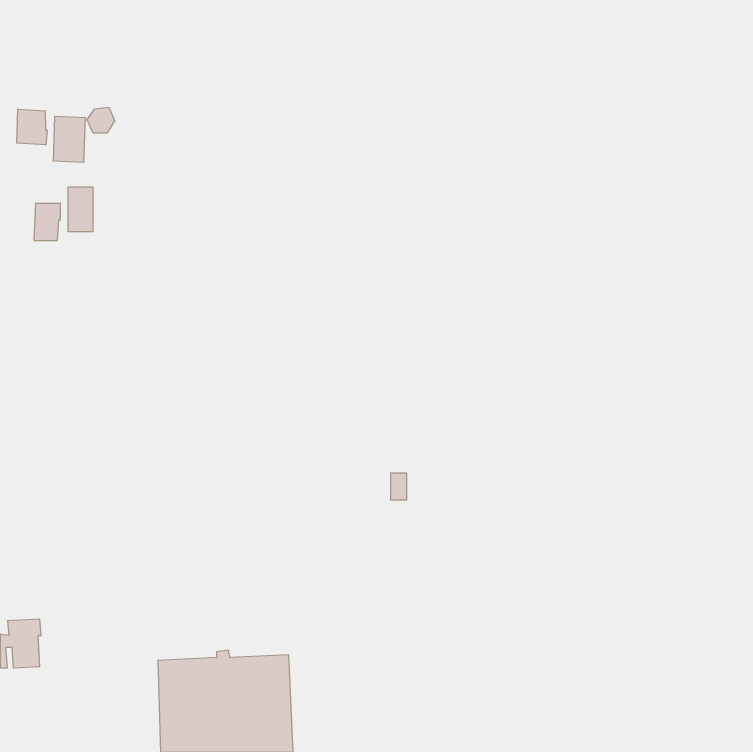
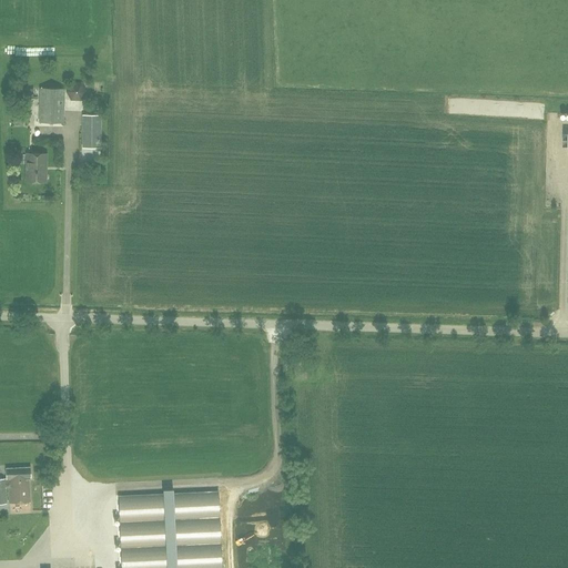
building: [17,109,47,145] -> none
building: [68,187,93,232] -> [82,114,101,148]

